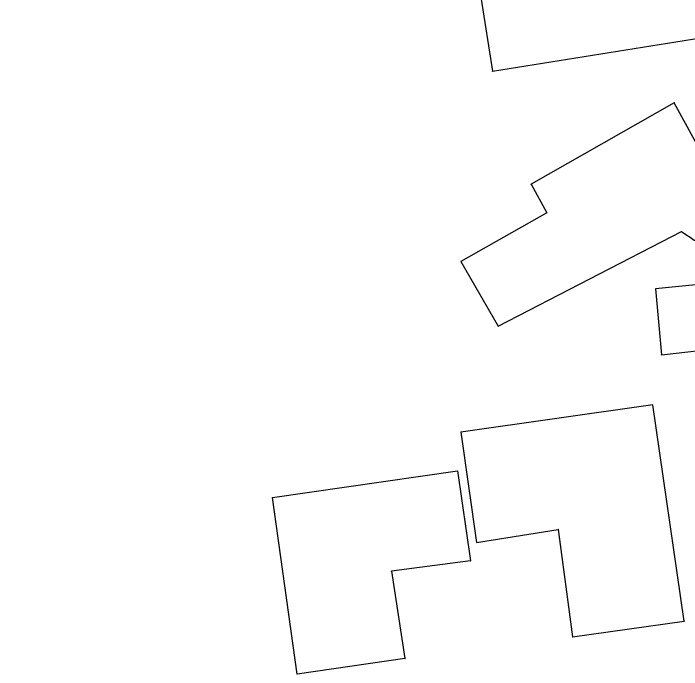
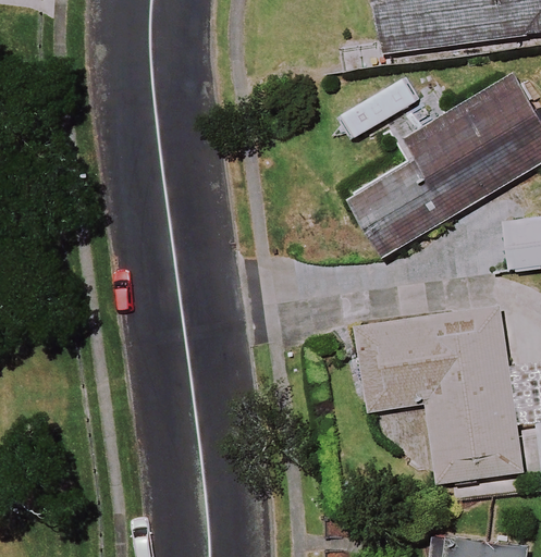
building: [272,471,470,674] -> none

